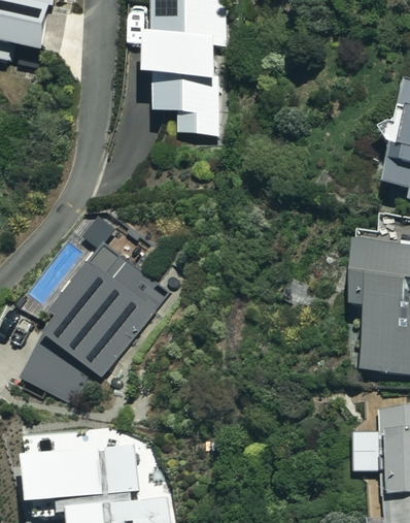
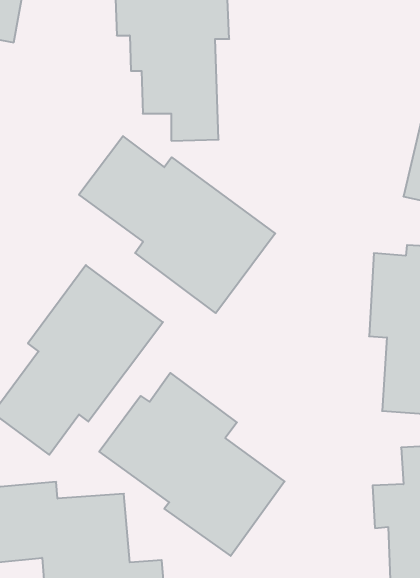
building: none -> [79,136,275,313]
building: none -> [99,373,285,556]

